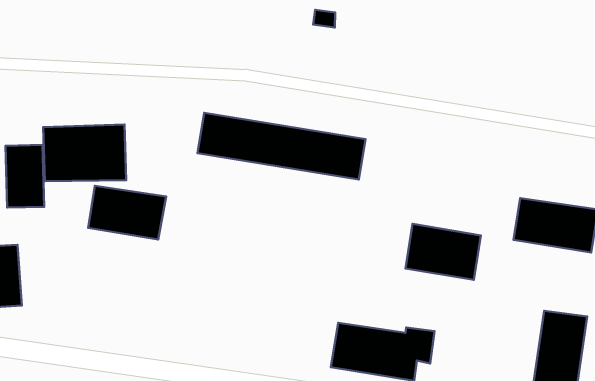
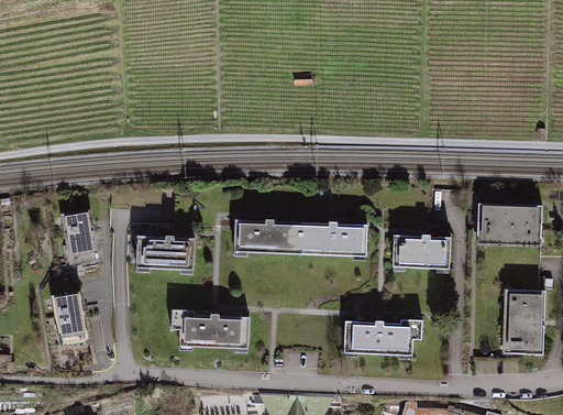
building: [197,113,365,179] -> [233,219,366,256]
building: [43,125,126,181] -> none
building: none -> [170,310,249,351]

